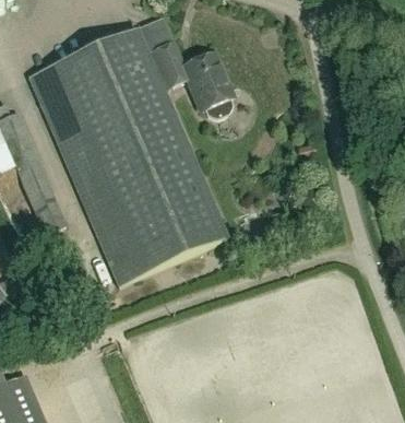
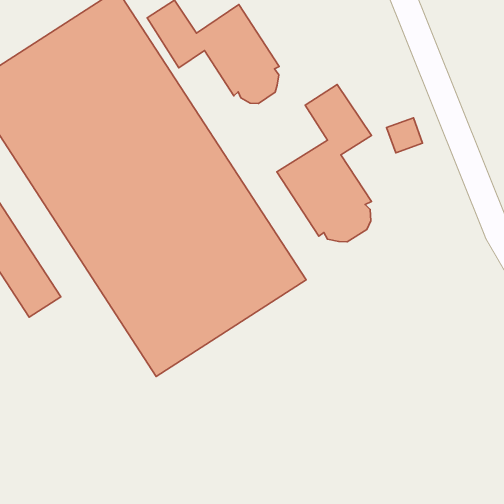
building: none -> [277,85,372,242]

